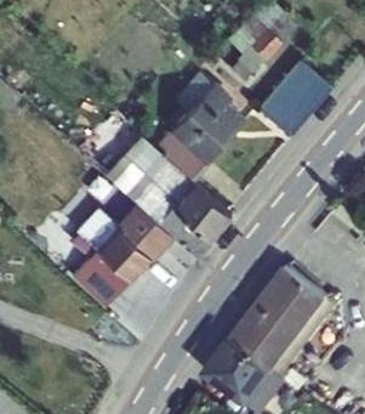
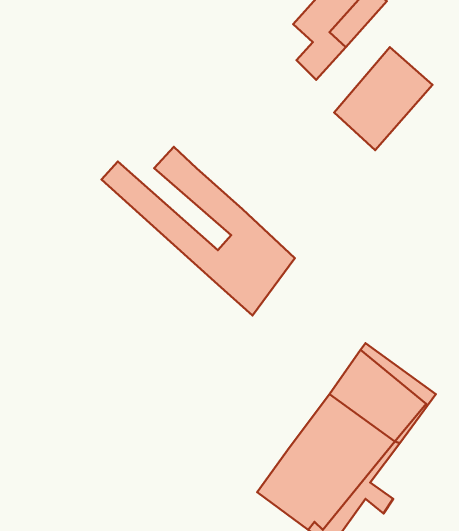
building: [154,76,238,171] -> none
building: [69,195,170,301] -> none

